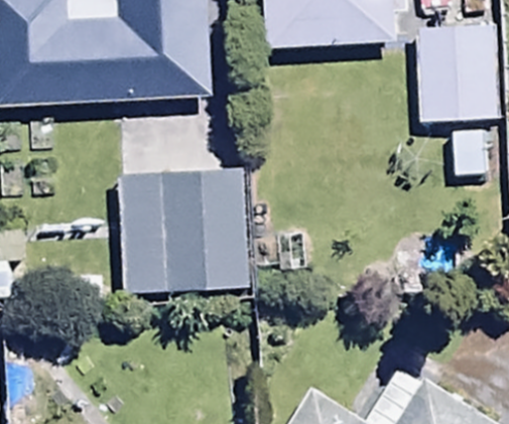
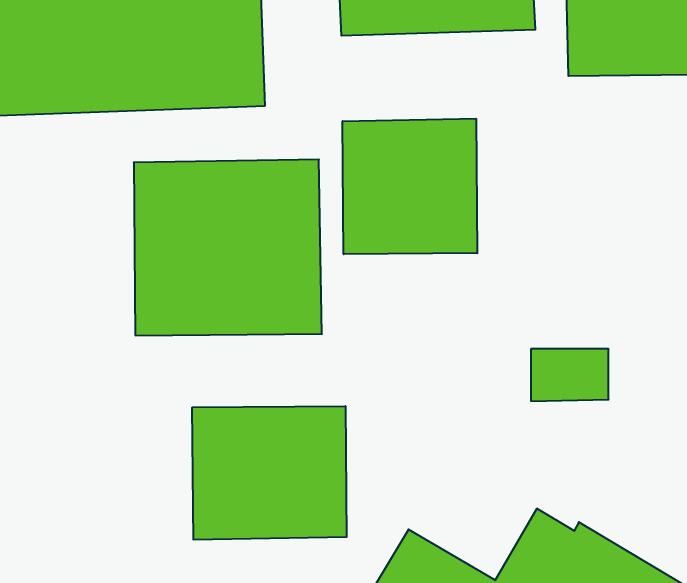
building: none -> [343,119,477,254]
building: none -> [192,406,347,540]

